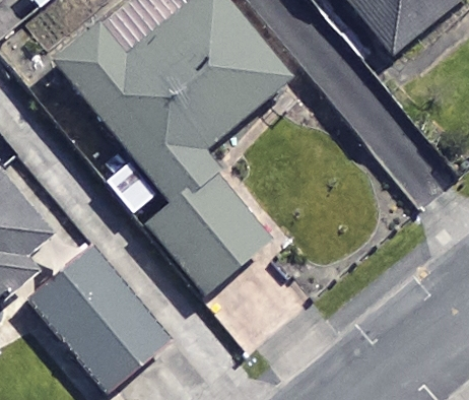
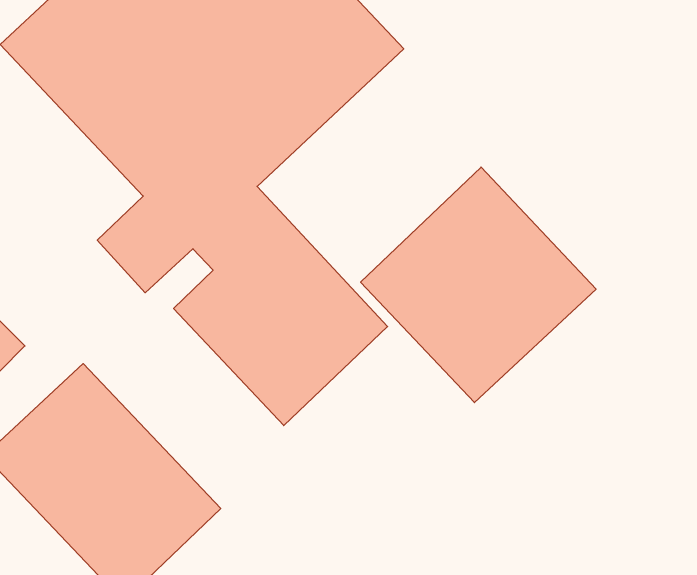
building: none -> [361,167,596,403]

